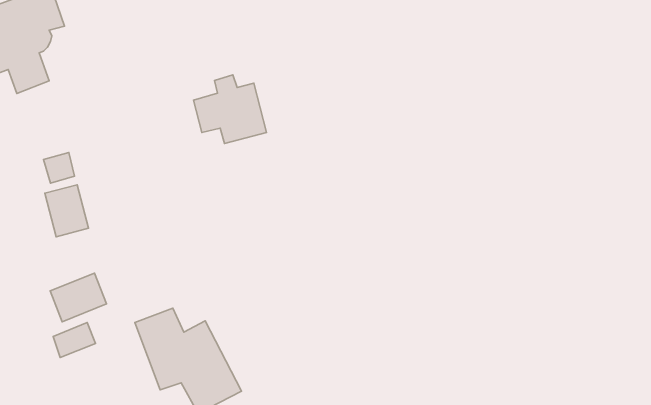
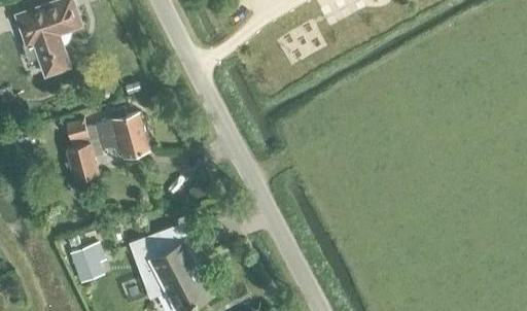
building: [193,75,267,144] -> [95,107,148,158]
building: [50,273,107,322] -> none

